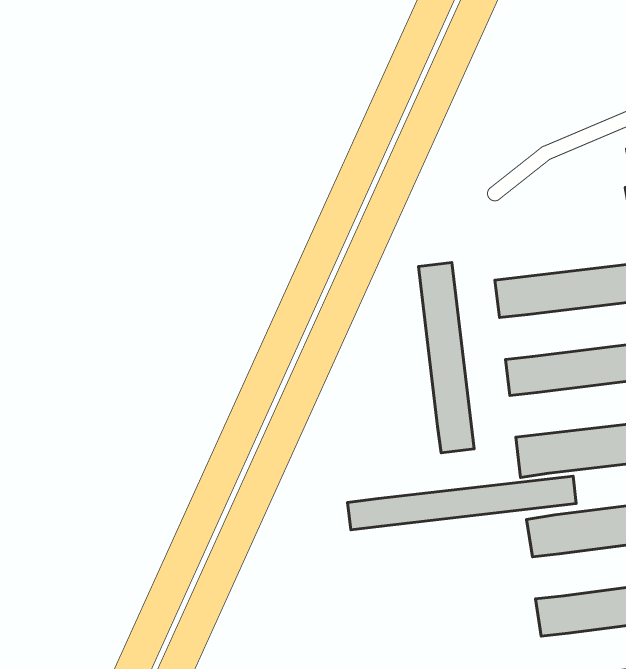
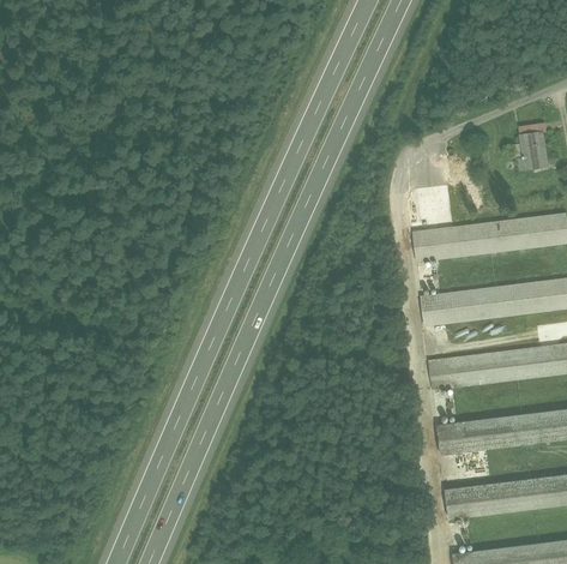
building: [419,262,474,453] -> none
building: [348,476,576,530] -> none

